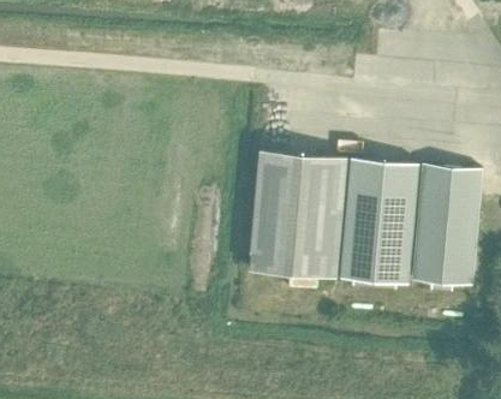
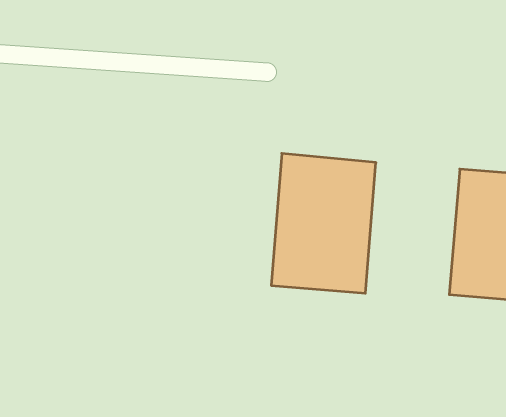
building: [341,159,419,285] -> none

